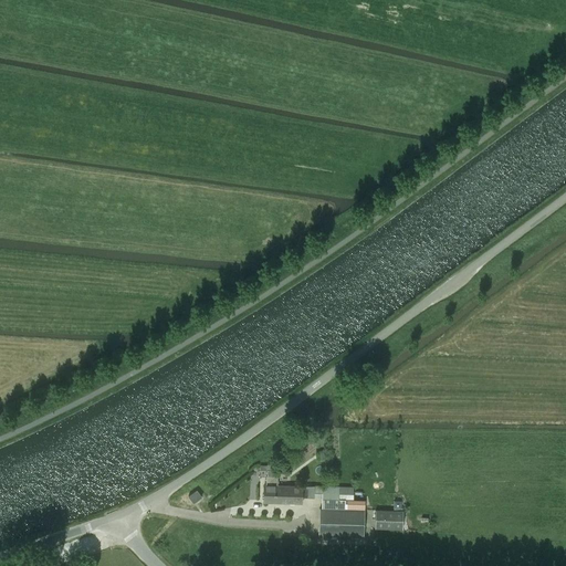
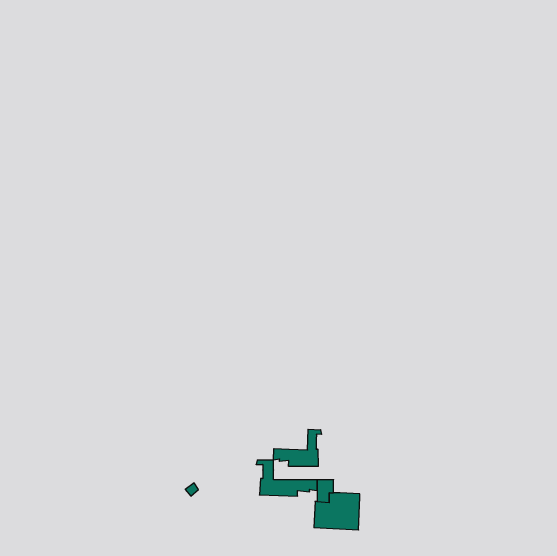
building: none -> [274,429,321,466]
building: [375,511,403,530] -> none

